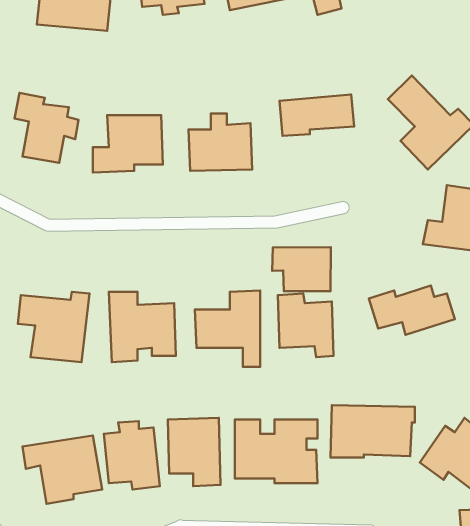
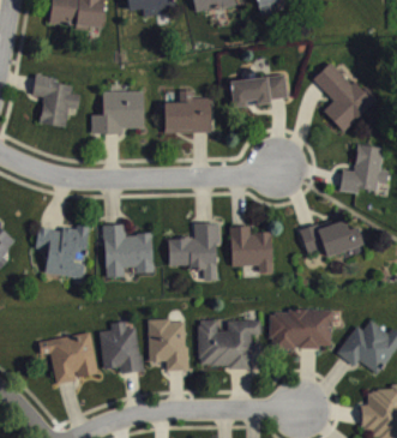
building: [272,247,331,291] -> none

